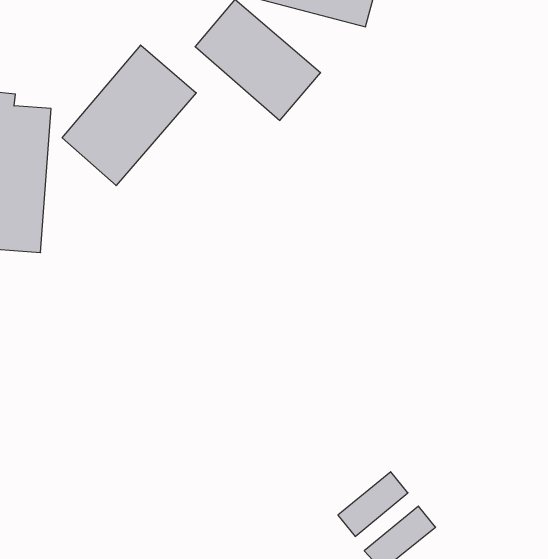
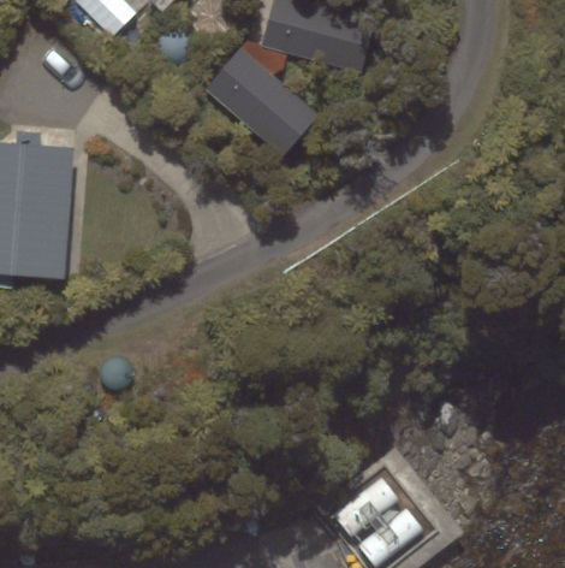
building: [62,45,196,186] -> none

